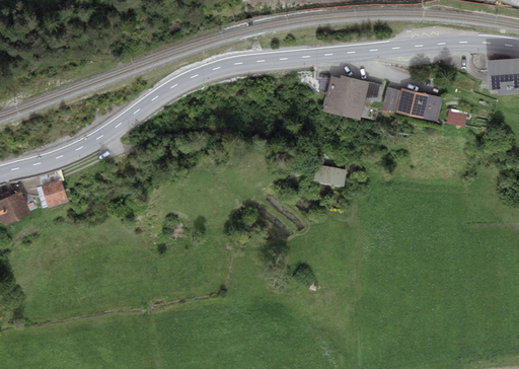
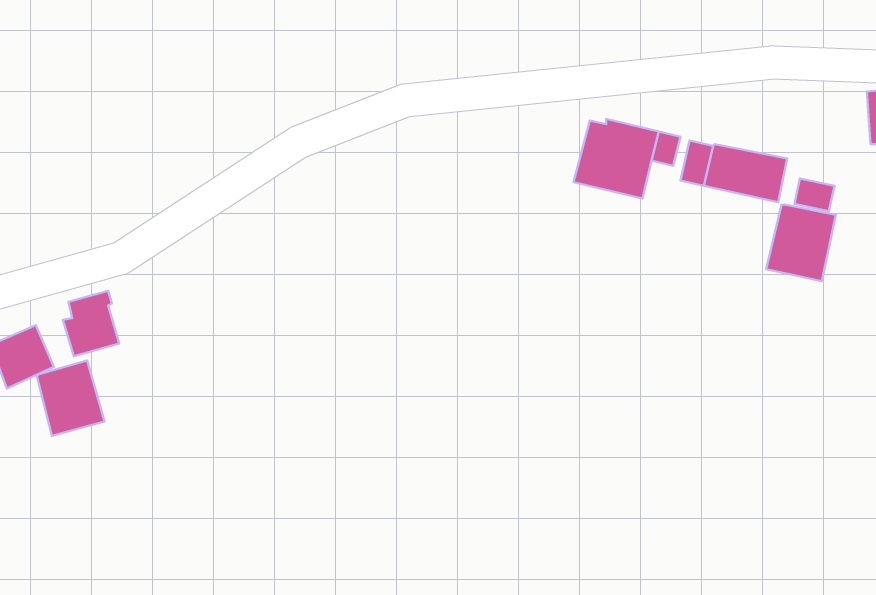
building: none -> [766,204,836,281]
building: [314,165,346,188] -> none
building: none -> [37,360,104,436]

